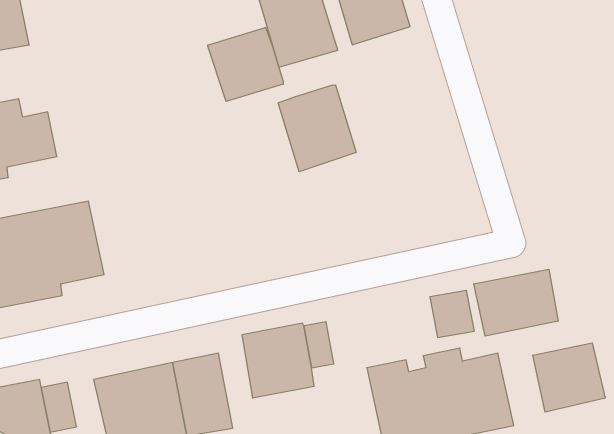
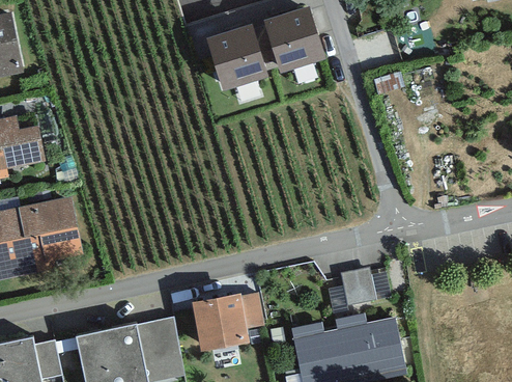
building: [207,27,283,101] -> none
building: [278,85,356,172] -> none
building: [474,269,558,336] -> none
building: [533,343,605,412] -> none

